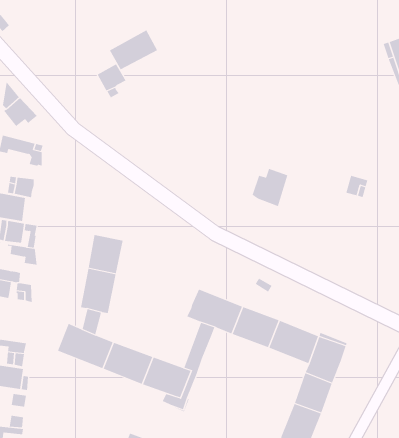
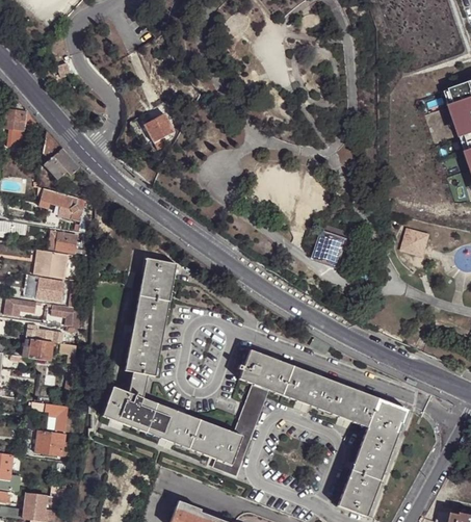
building: [109,29,158,70] -> none
building: none -> [139,258,177,298]

